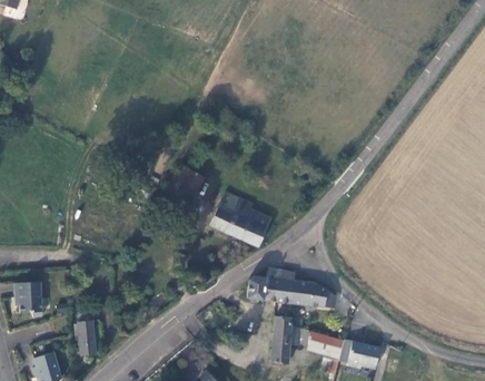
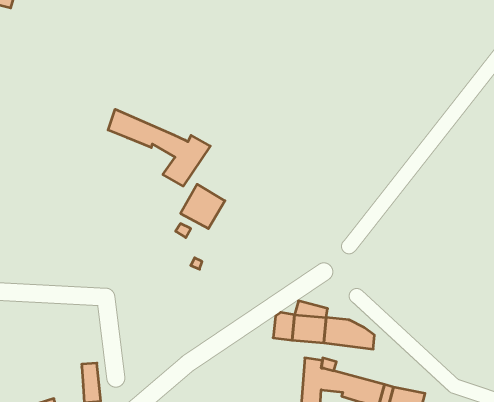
building: none -> [108,109,210,186]
building: [210,190,271,246] -> none
building: [16,281,43,316] -> none

